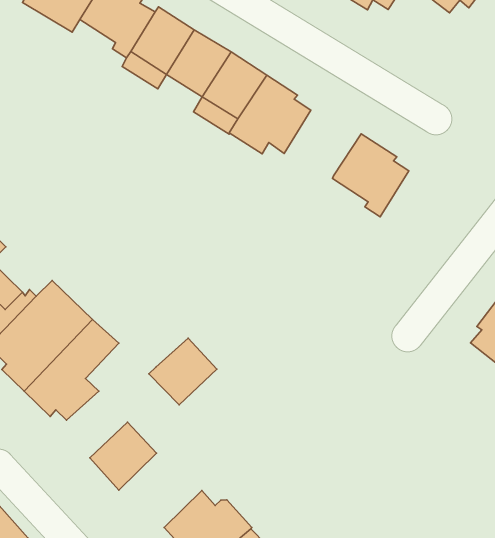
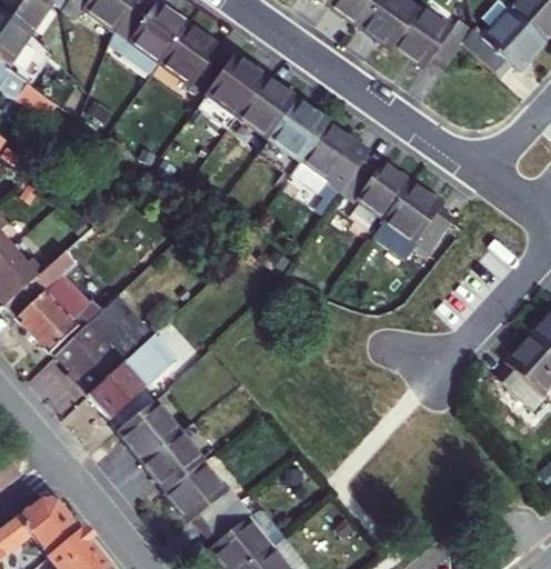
building: none -> [338,157,409,218]
building: [149,338,217,405] -> [117,399,179,459]
building: none -> [167,459,242,527]

